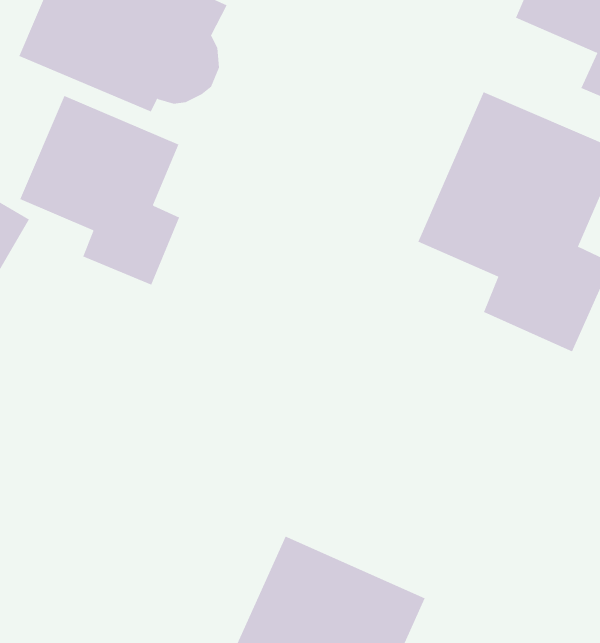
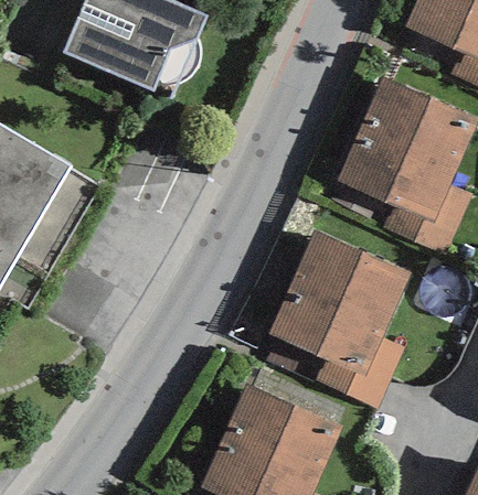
building: [19,95,180,286] -> none
building: none -> [267,232,410,408]

